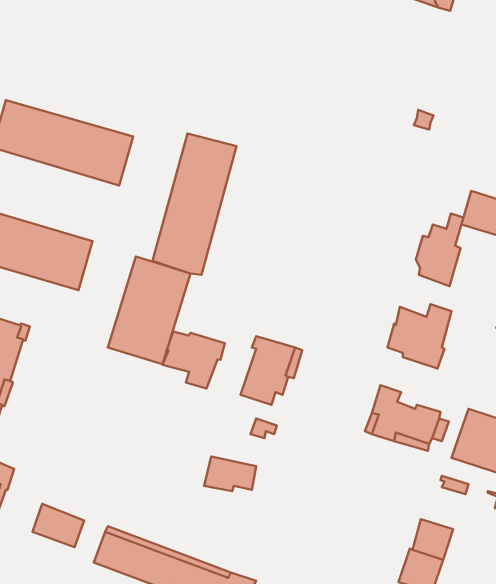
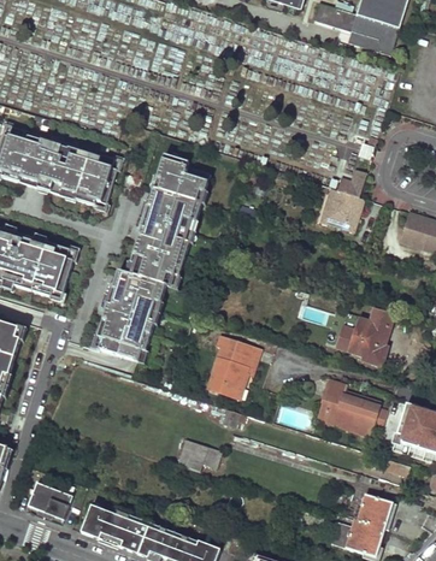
building: [416,213,463,286] -> [323,169,364,231]
building: [162,331,225,389] -> none

